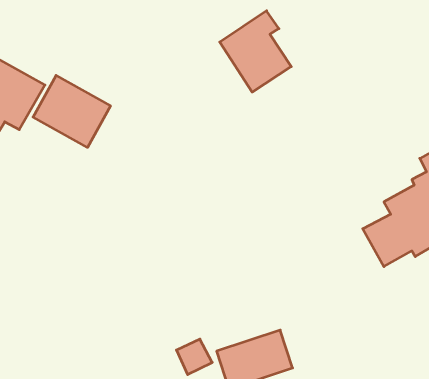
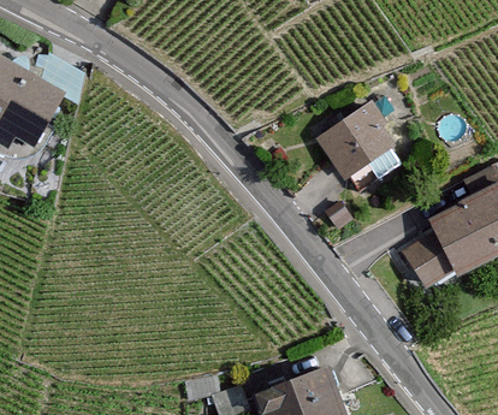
building: [220,11,291,92] -> [324,106,401,194]
building: [33,75,110,147] -> none

